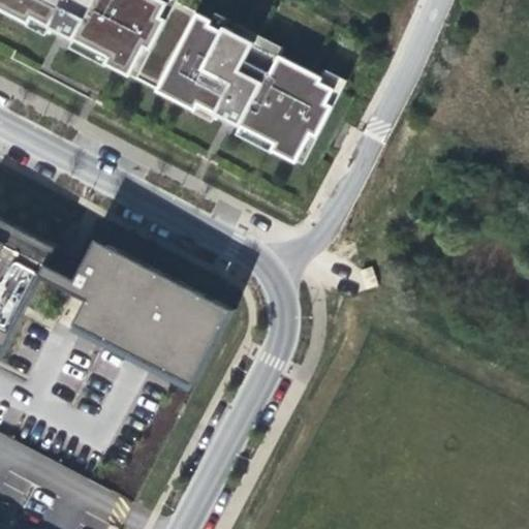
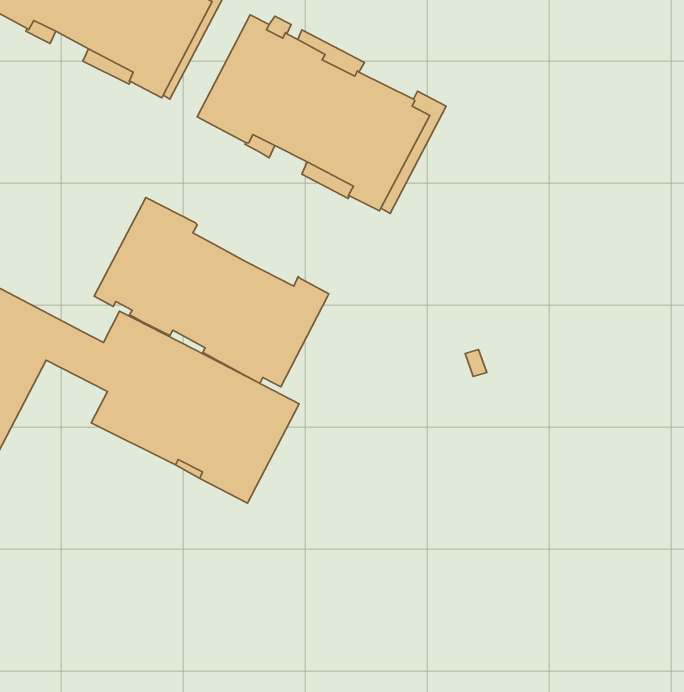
building: none -> [94,197,329,387]

